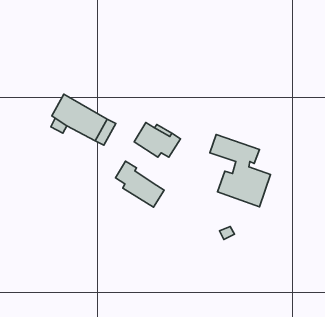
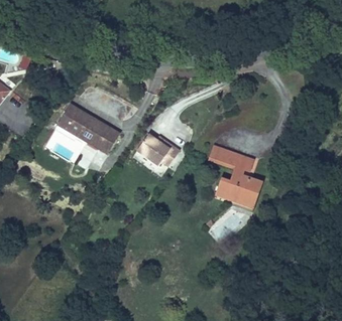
building: [116,161,164,207] -> none

